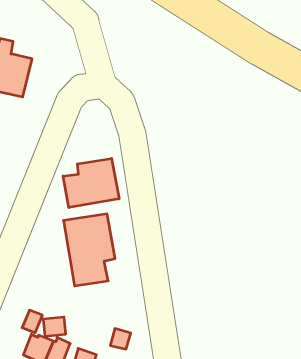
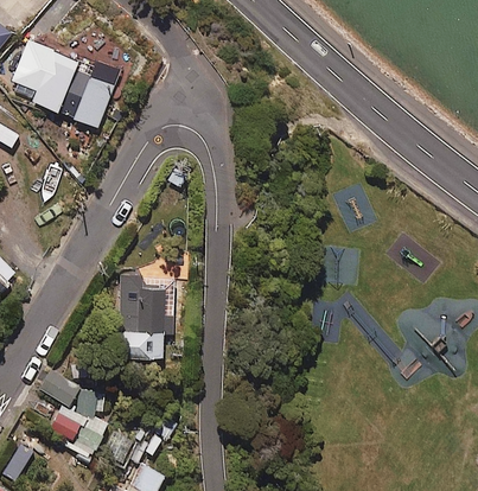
building: [63,158,119,208] -> none

